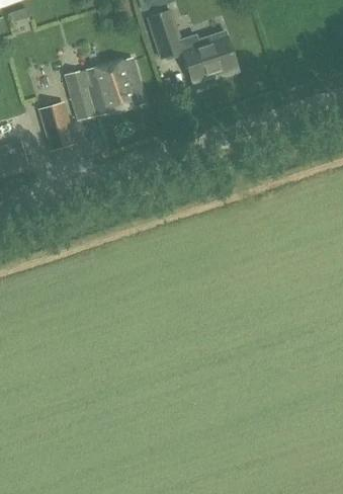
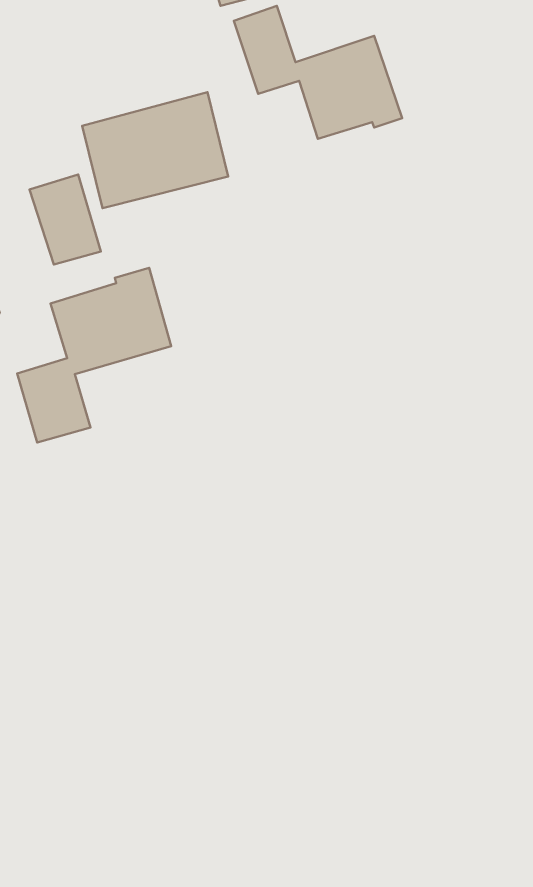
building: none -> [17,268,171,443]

